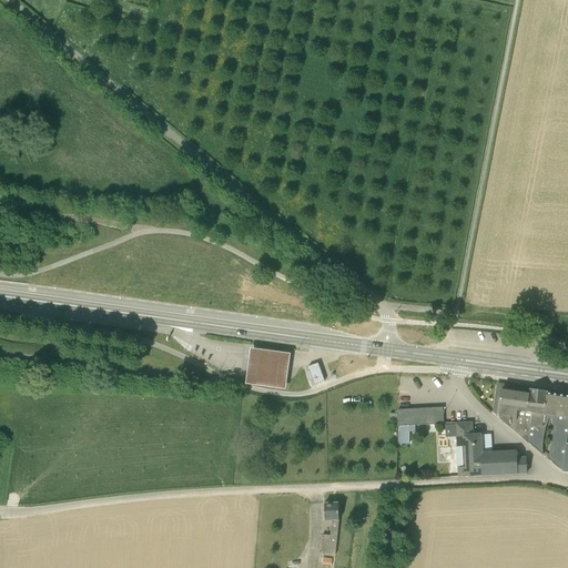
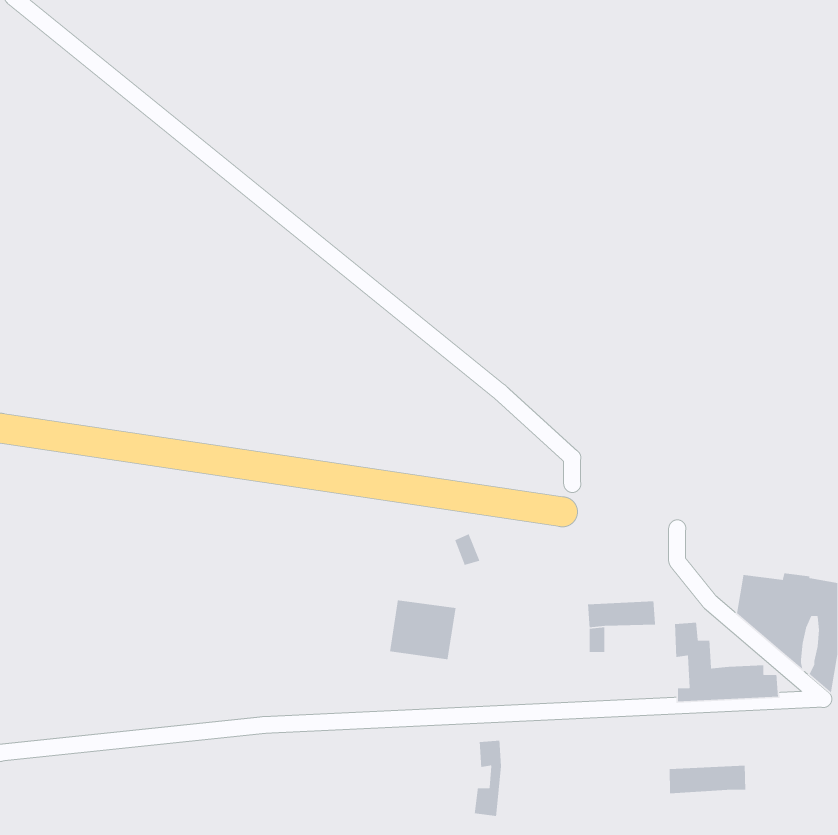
building: [245,346,291,387] -> [389,599,456,660]
building: none -> [669,765,746,794]

